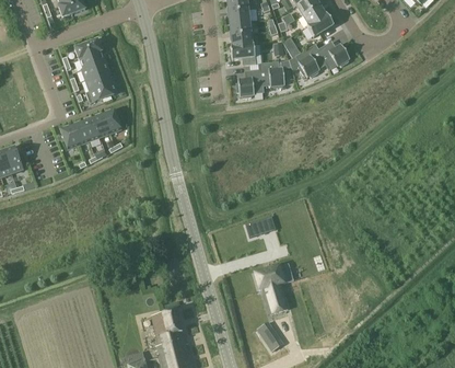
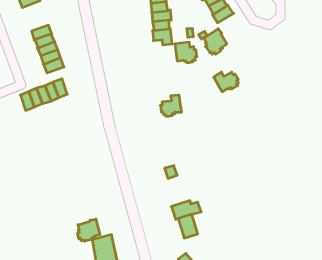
building: [318,44,350,69] -> [214,72,238,92]
building: [236,70,264,97] -> [160,95,182,116]
building: none -> [78,219,100,241]

